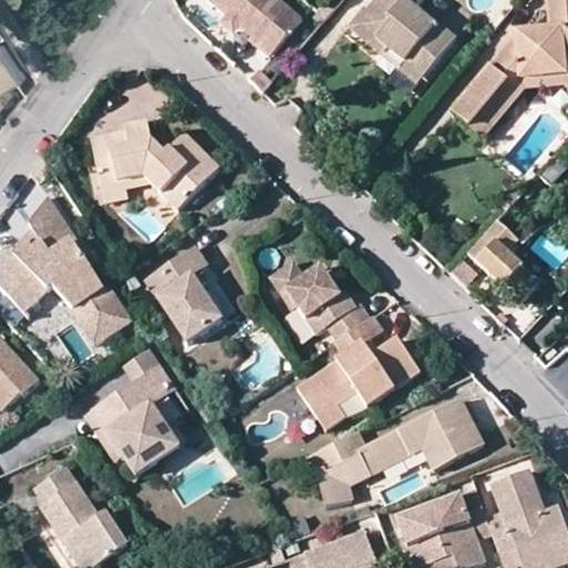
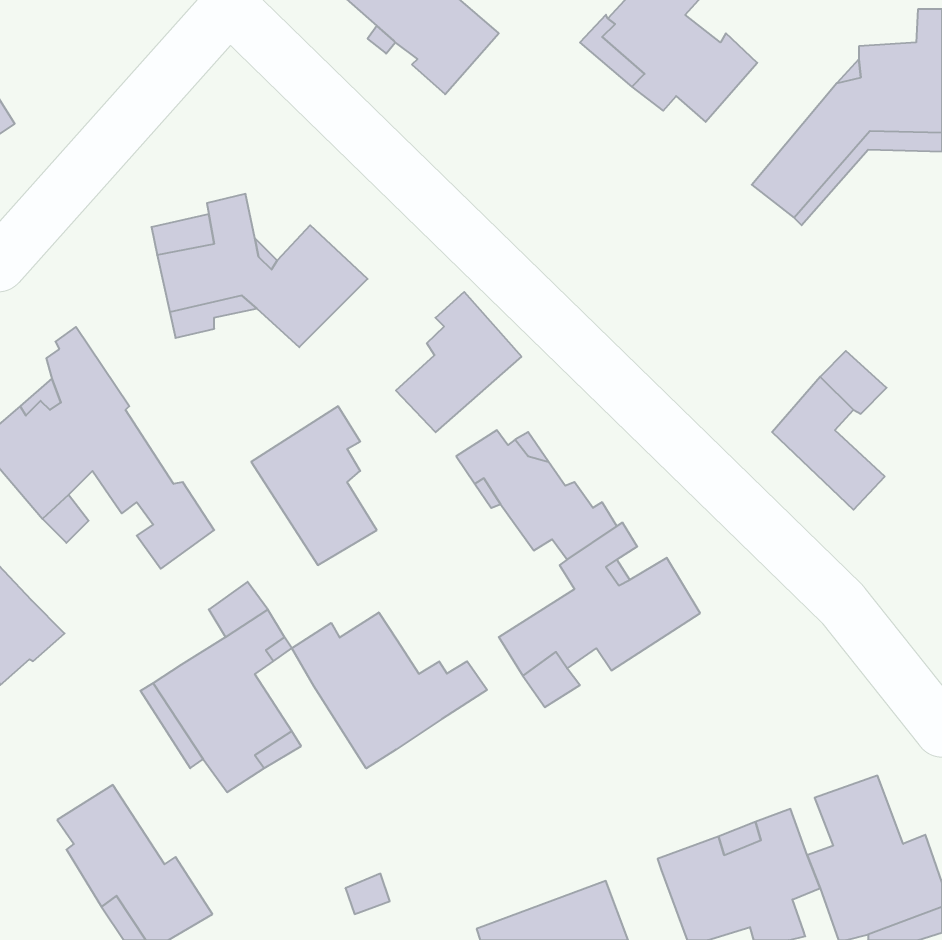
building: none -> [396,292,521,432]
building: none -> [292,612,487,768]
building: [311,394,484,503] -> none

